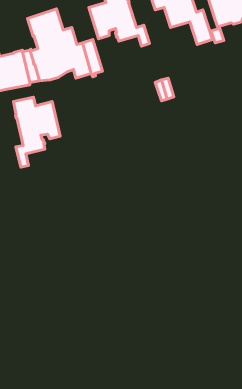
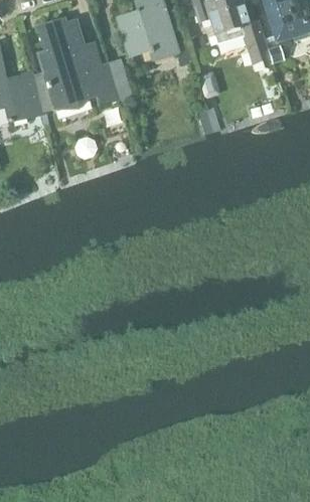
building: [13,97,60,167] -> none

